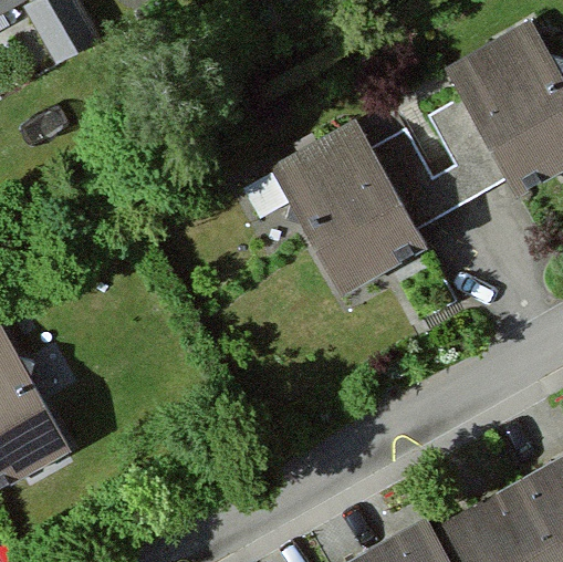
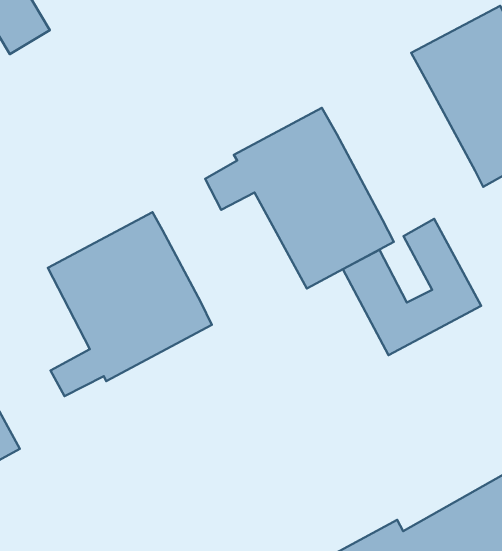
building: [371,96,504,228] -> [343,219,481,355]
building: none -> [48,212,212,396]

